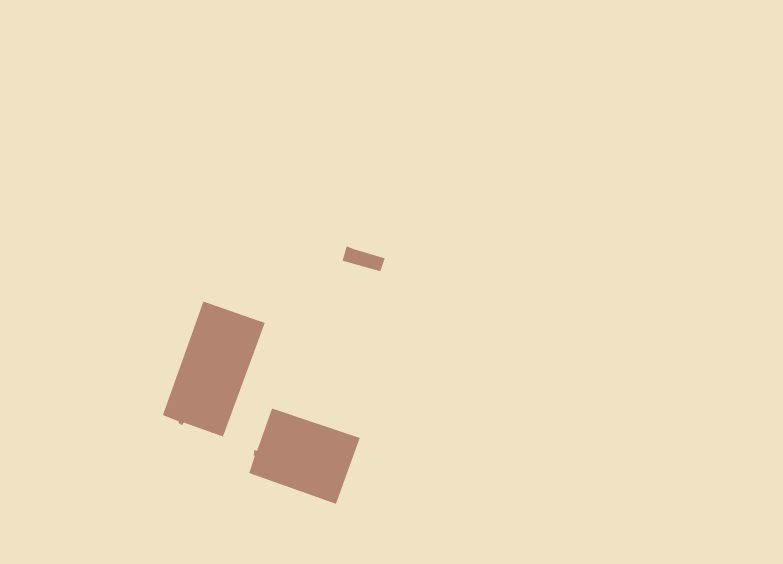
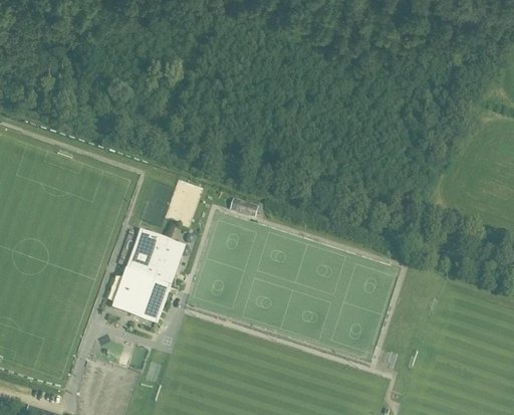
building: [248,407,361,505] -> none

